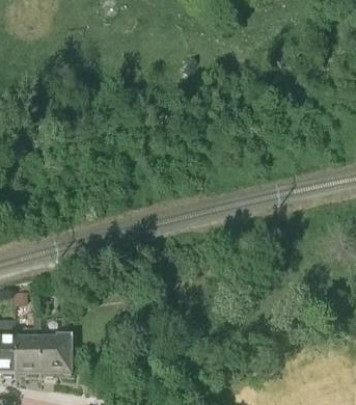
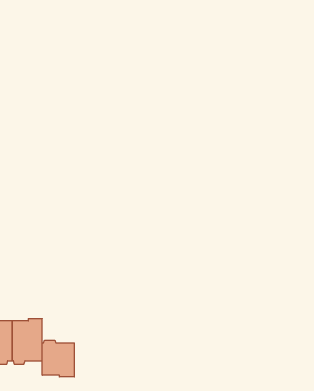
building: none -> [42,340,74,377]

